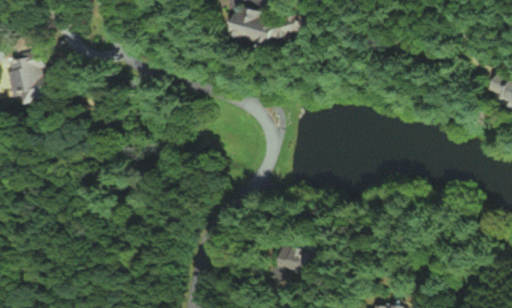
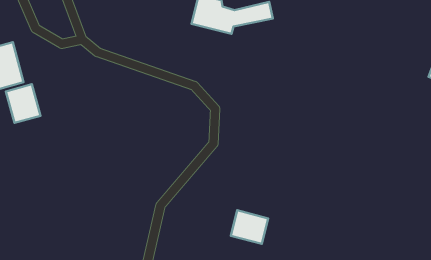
building: none -> [6,84,41,123]

